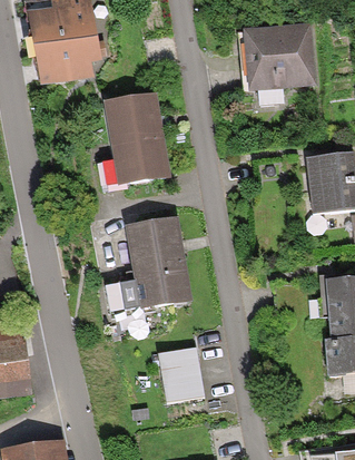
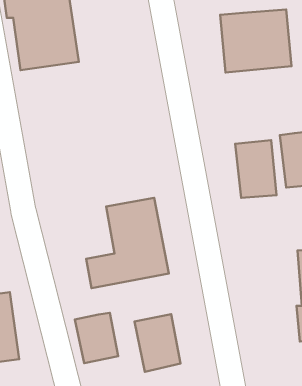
building: [96,96,168,189] -> none
building: none -> [235,140,277,198]
building: none -> [75,313,118,363]

